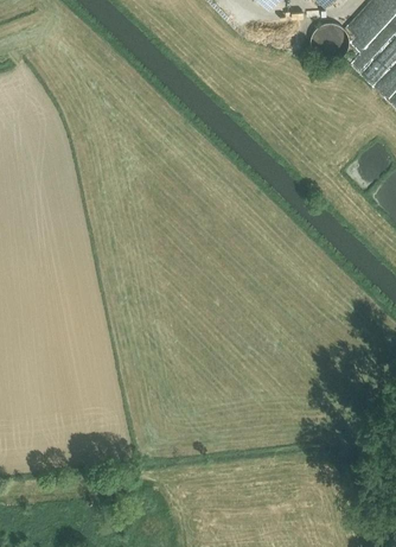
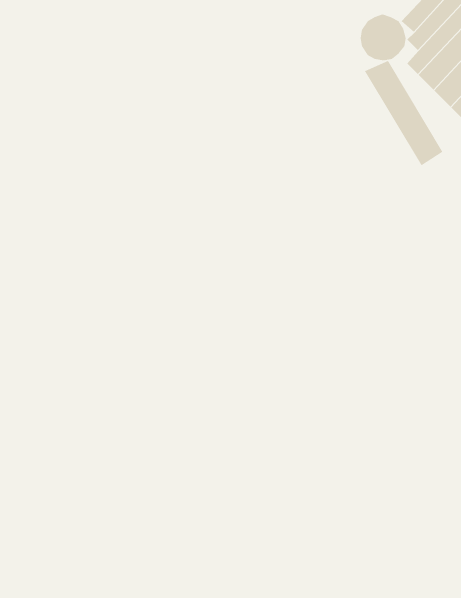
building: none -> [364,60,443,166]

